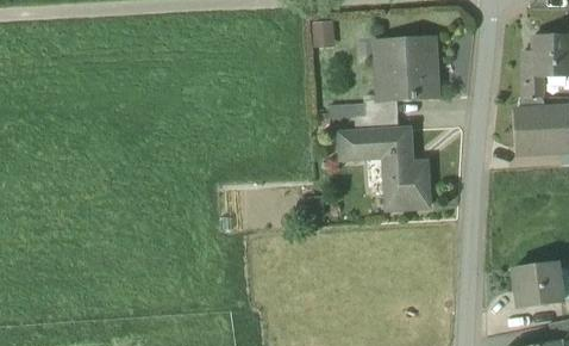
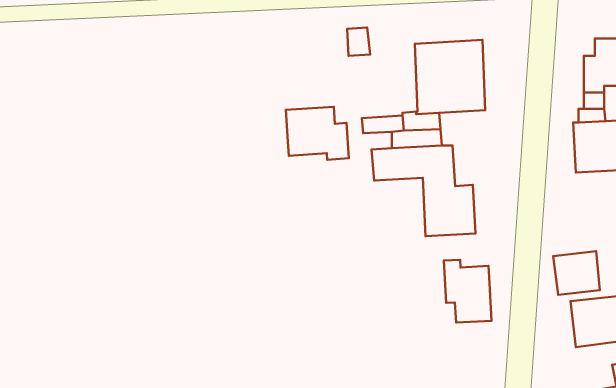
building: none -> [286,107,349,160]
building: none -> [553,251,600,295]
building: none -> [444,260,491,323]

